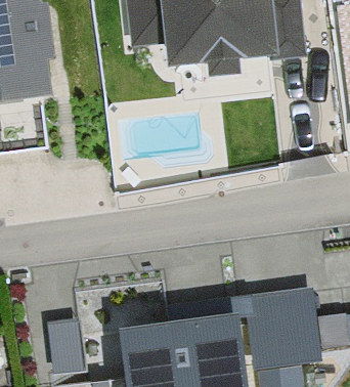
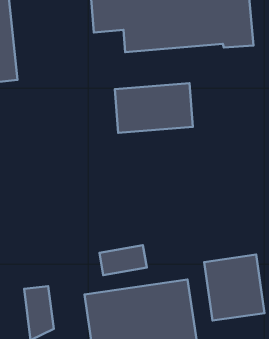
building: none -> [115,83,193,133]

